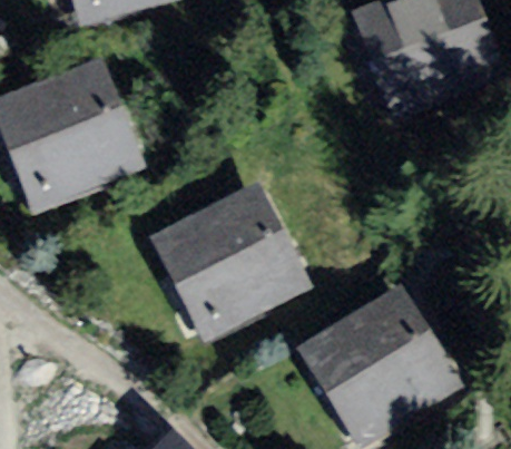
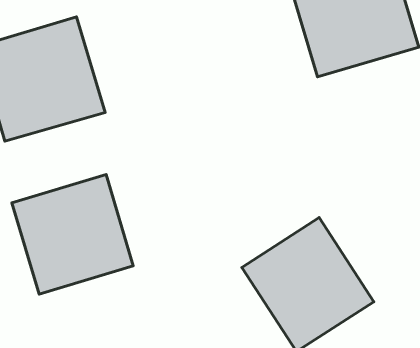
building: [166,191,315,336] -> none
building: none -> [12,174,133,294]

